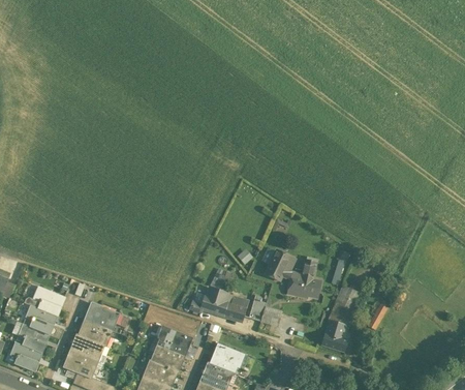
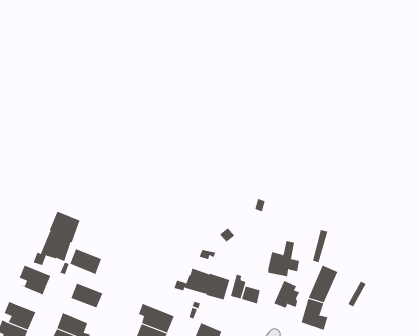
building: none -> [33,211,80,266]
building: [266,250,292,290] -> [274,280,300,319]
building: [24,305,57,334] -> none
building: [79,320,112,347] -> [70,249,102,275]

